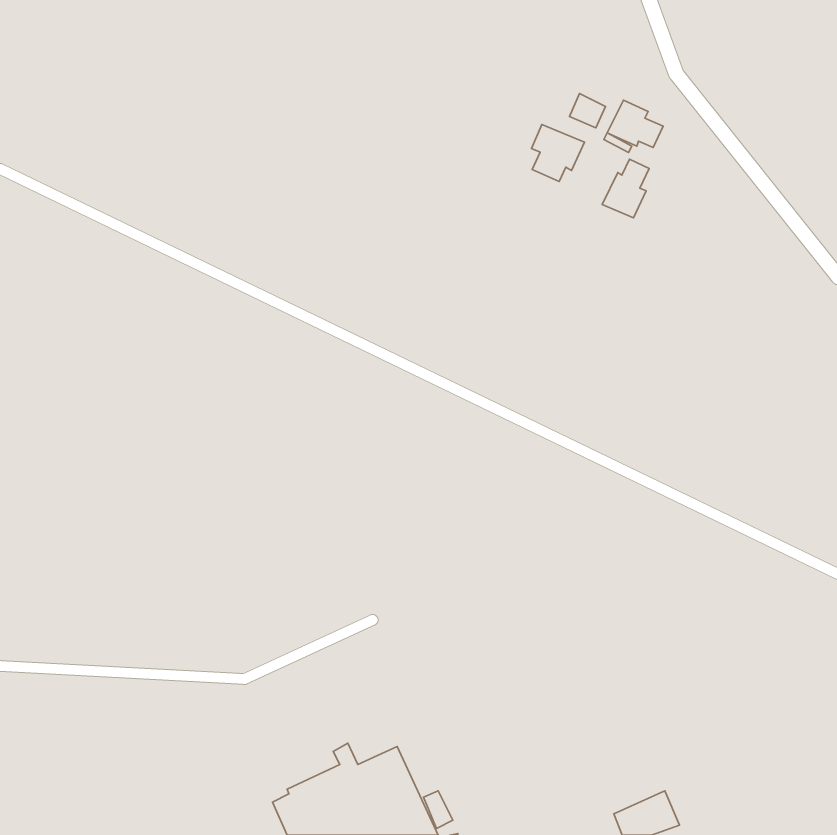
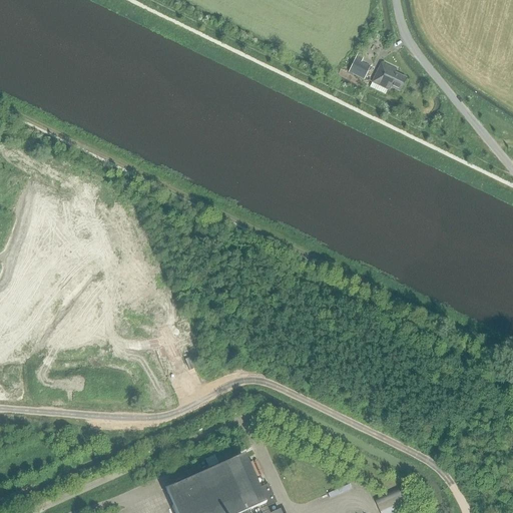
building: [532,125,585,181] -> none
building: [602,159,649,218] -> none

